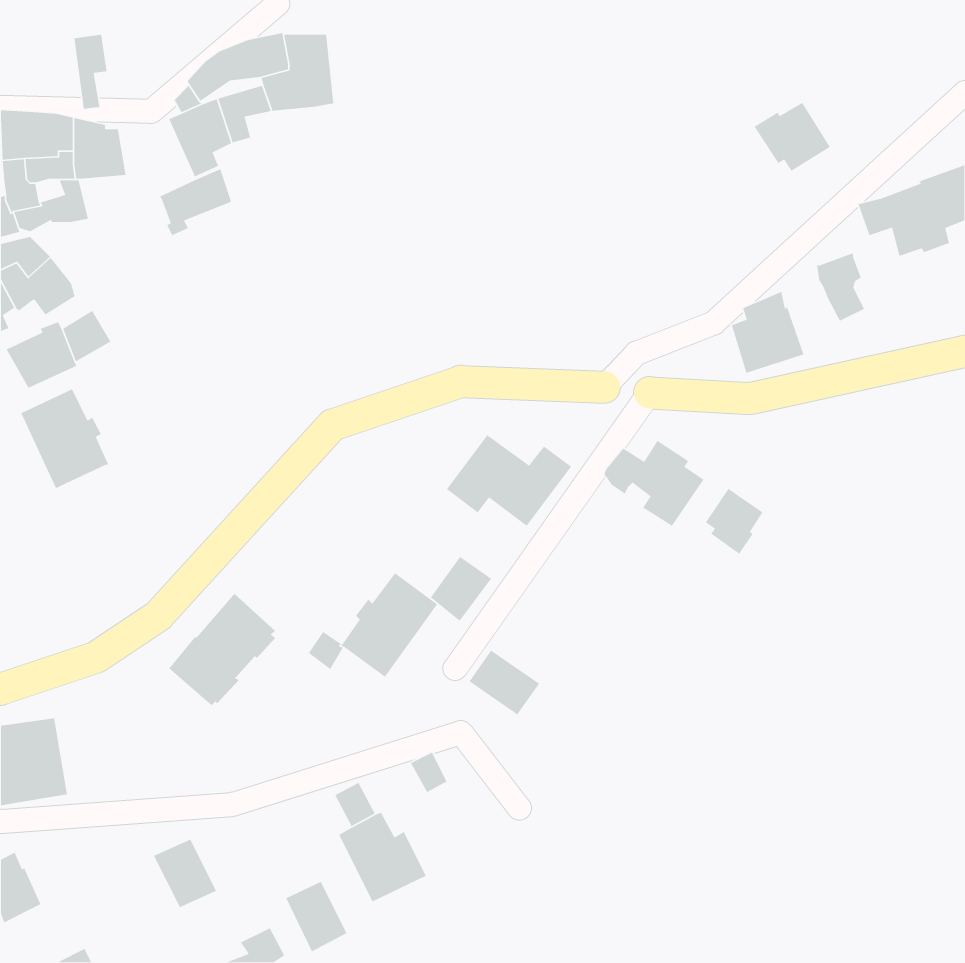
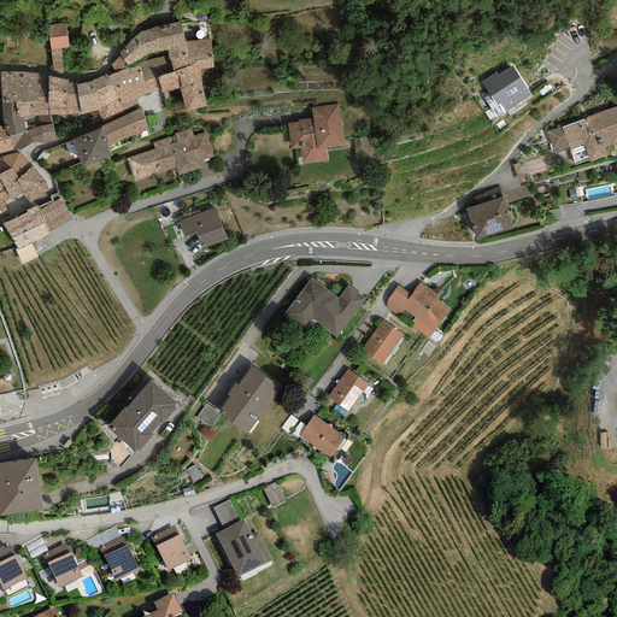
building: none -> [157,69,206,111]
building: none -> [76,74,124,122]
building: none -> [288,102,343,163]
building: none -> [71,127,112,166]
building: none -> [125,128,215,181]
building: [816,252,865,322] -> none
building: none -> [178,206,227,247]
building: [20,388,110,489] -> none
building: [705,488,764,555] -> none
building: none -> [360,319,404,364]
building: [430,556,492,622] -> [328,369,368,411]
building: none -> [42,542,82,587]
building: [285,881,347,952] -> [151,524,190,570]

